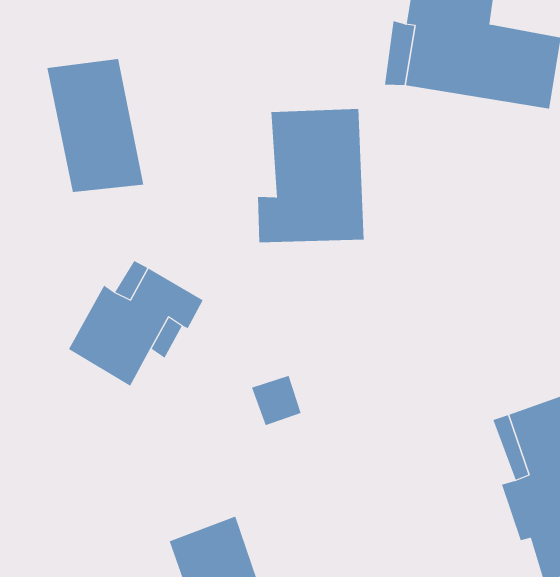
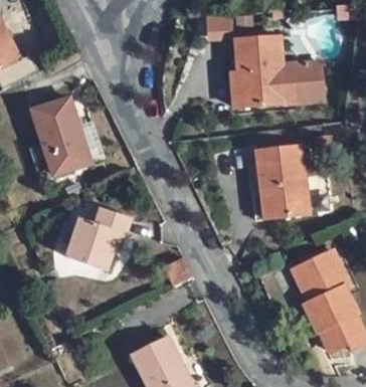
building: [257,109,364,243] -> [251,143,311,220]

